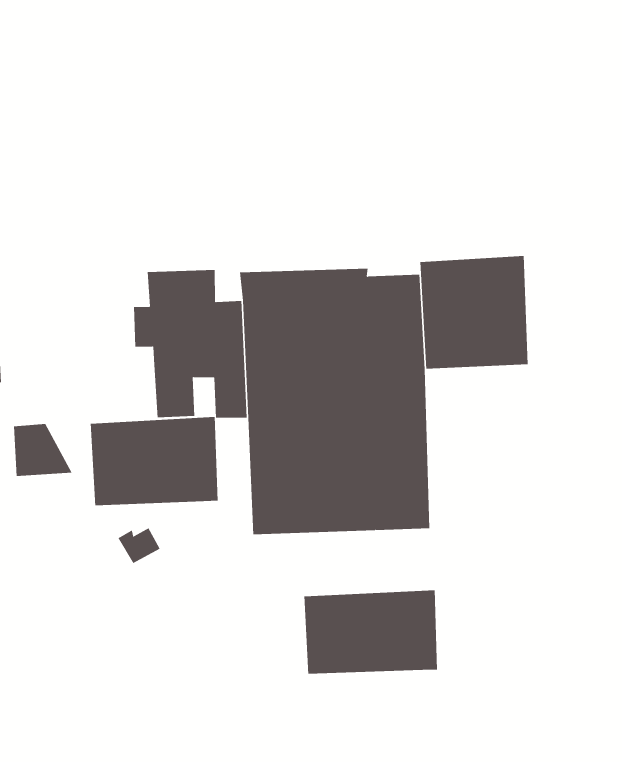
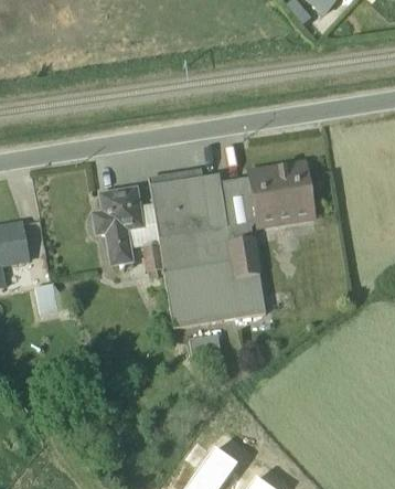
building: [90,416,218,506] -> none
building: [304,590,437,675] -> none

